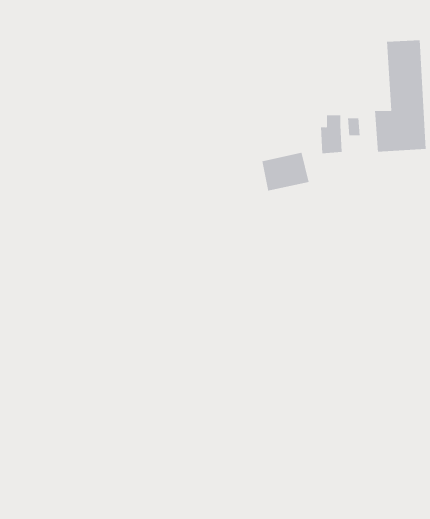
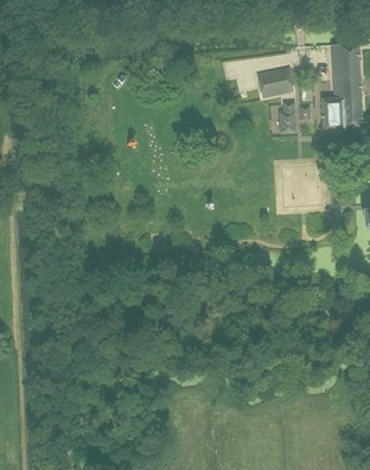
building: [262,152,310,191] -> [256,66,294,97]

